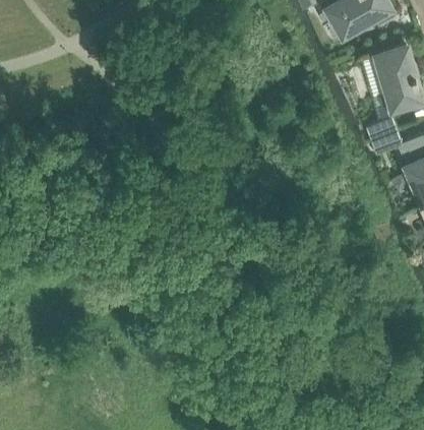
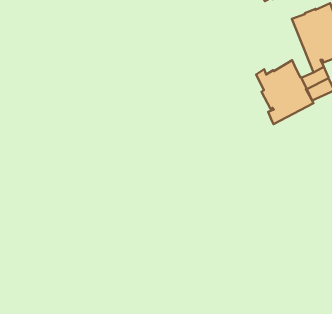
building: none -> [256,60,314,124]

